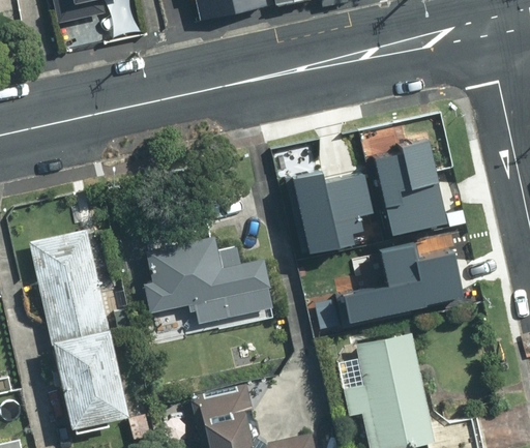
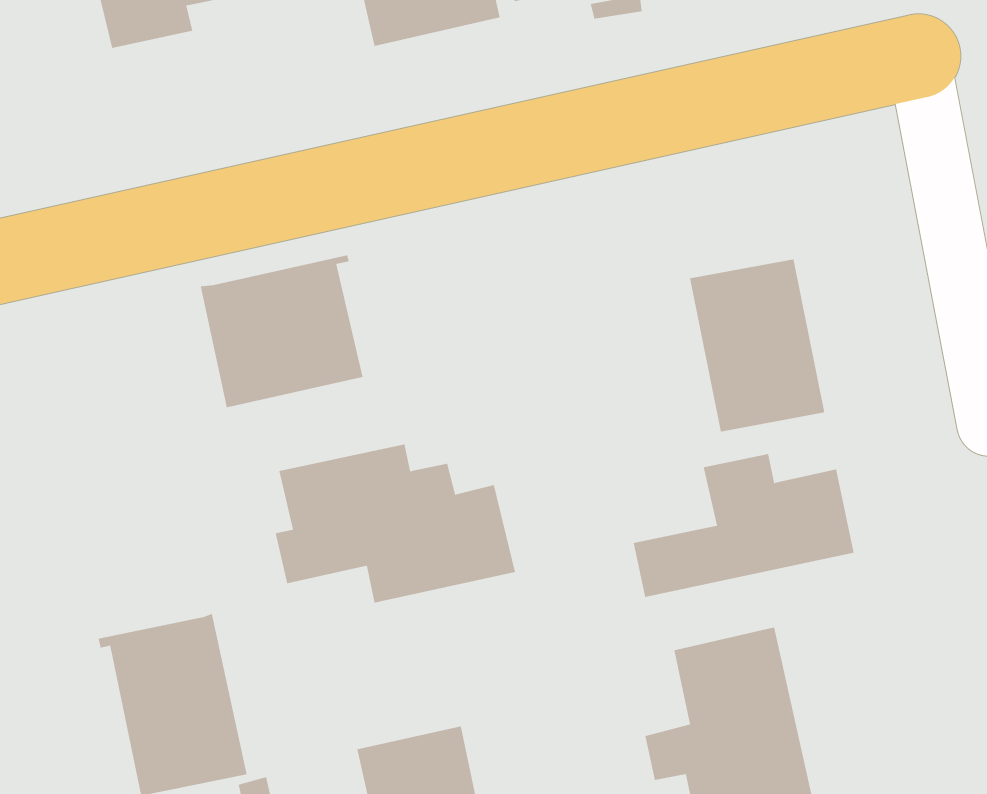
building: none -> [200,254,363,408]
building: [290,170,366,251] -> none
building: [32,233,109,340] -> none

